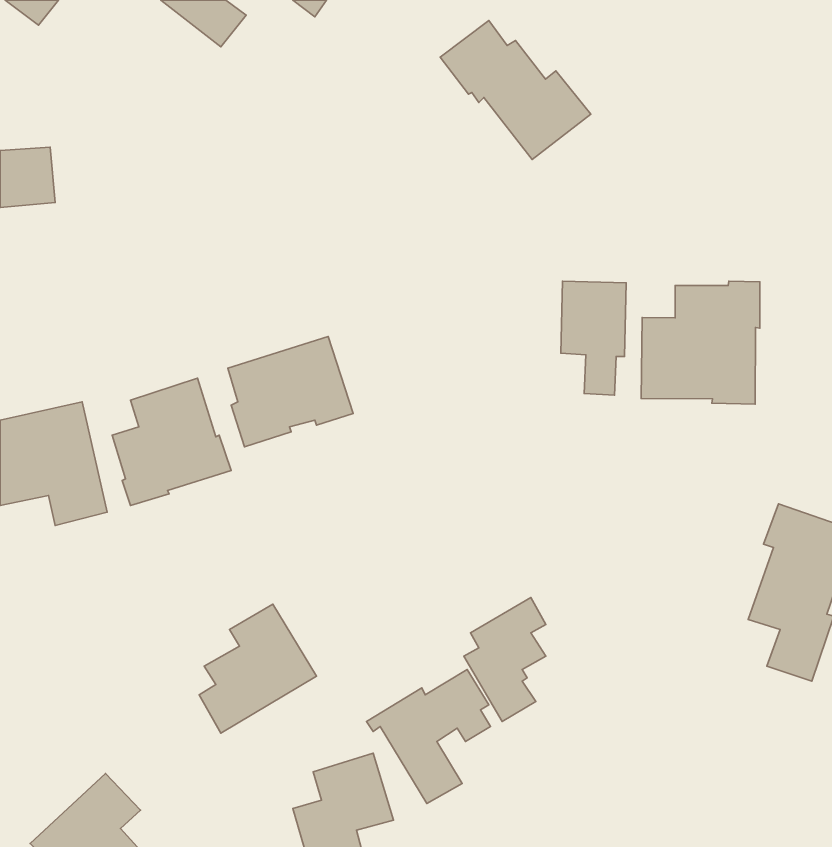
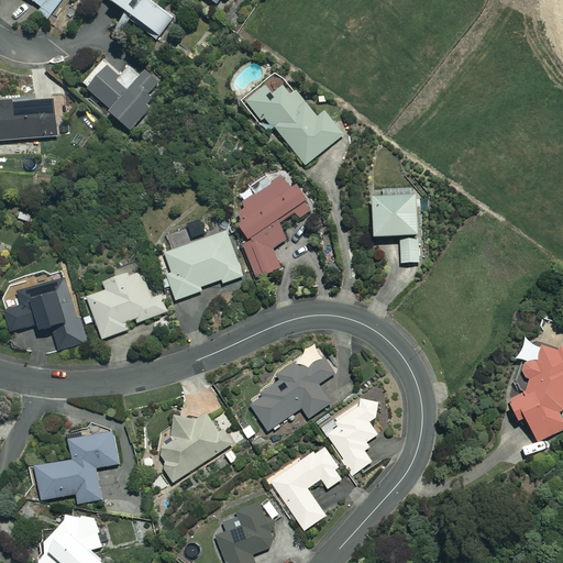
building: [440,20,591,159] -> [253,70,352,162]
building: none -> [75,65,170,136]
building: none -> [235,166,322,279]
building: [641,281,760,404] -> none
building: none -> [239,354,342,434]
building: none -> [31,431,110,508]

